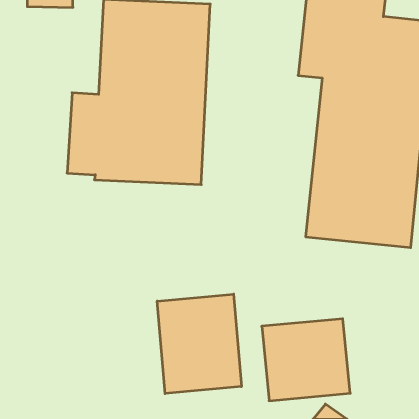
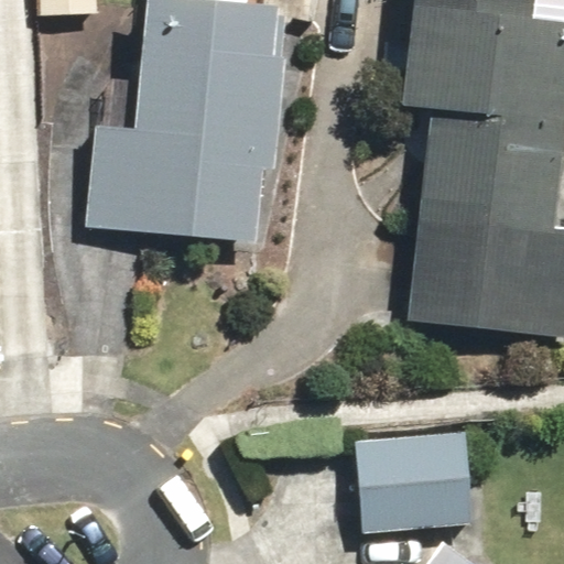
building: [157,294,241,394] -> none

